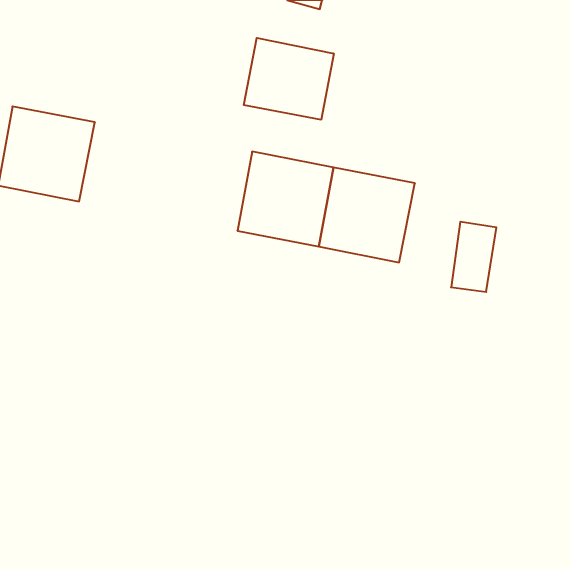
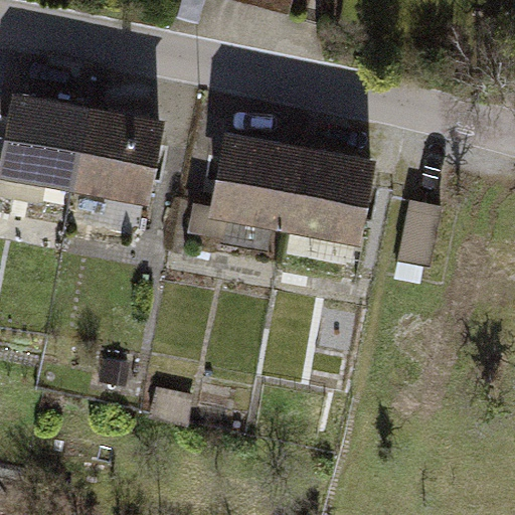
building: [244,38,334,120] -> none
building: none -> [70,117,156,200]

